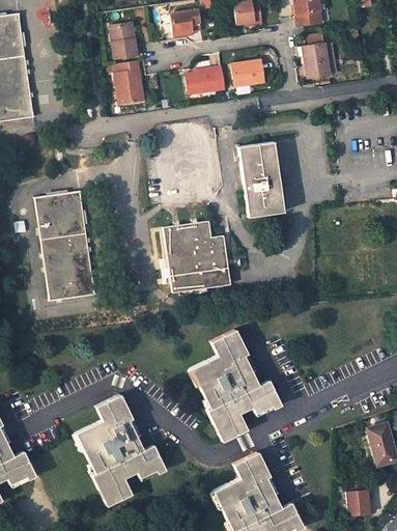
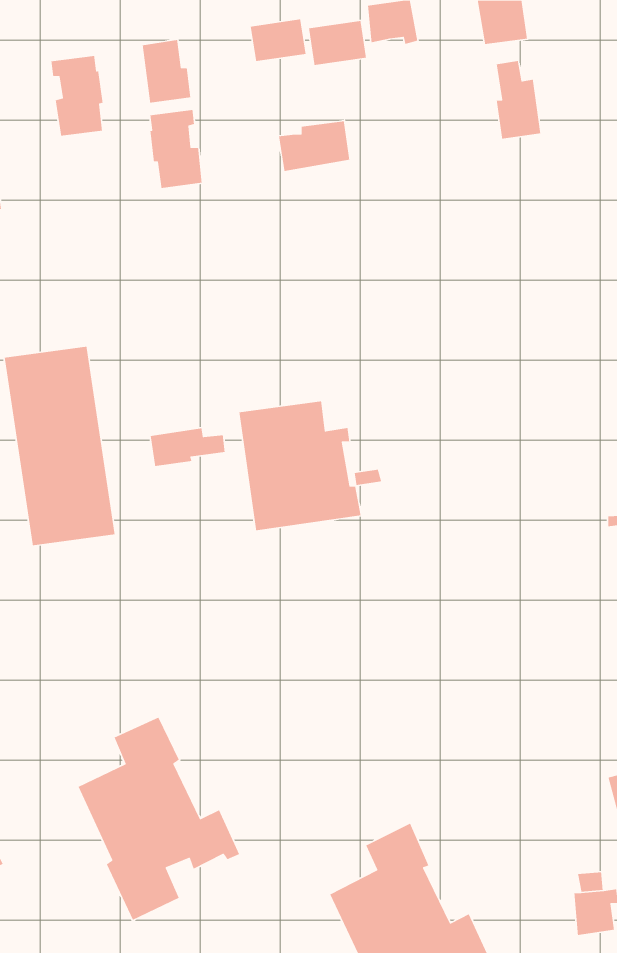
building: none -> [51,55,103,137]
building: [232,61,264,86] -> [308,20,367,66]
building: [238,142,284,217] -> none
building: none -> [150,428,226,467]
building: [191,330,281,442] -> none

